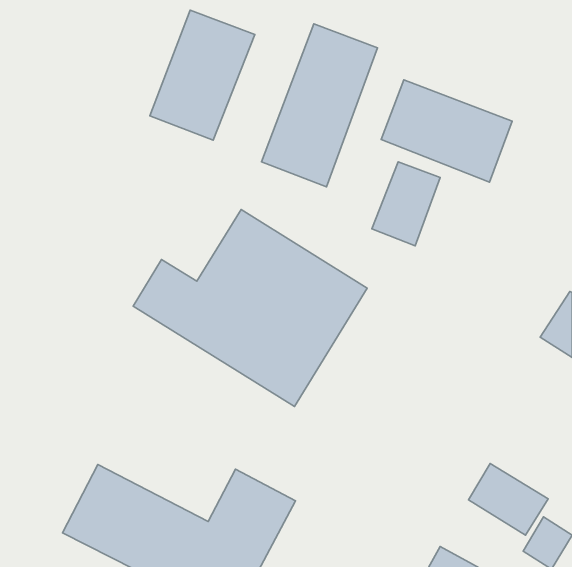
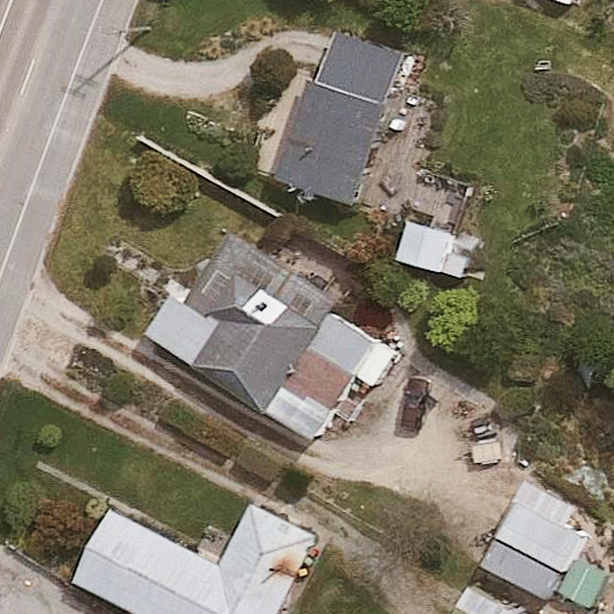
building: [150,10,255,140] -> none
building: [381,80,512,182] -> none

